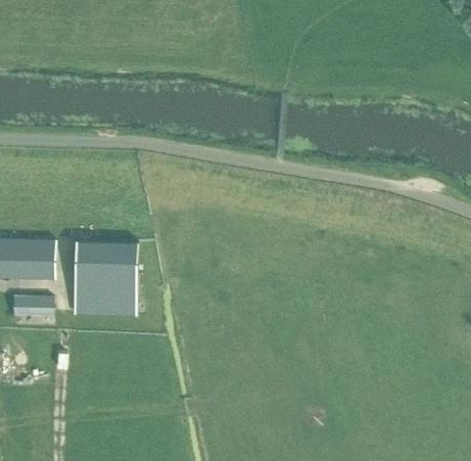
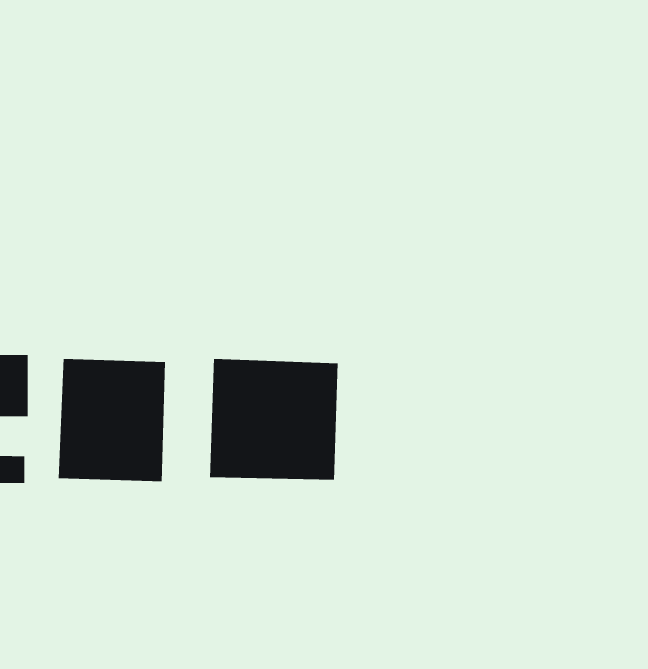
building: none -> [210,358,338,481]

